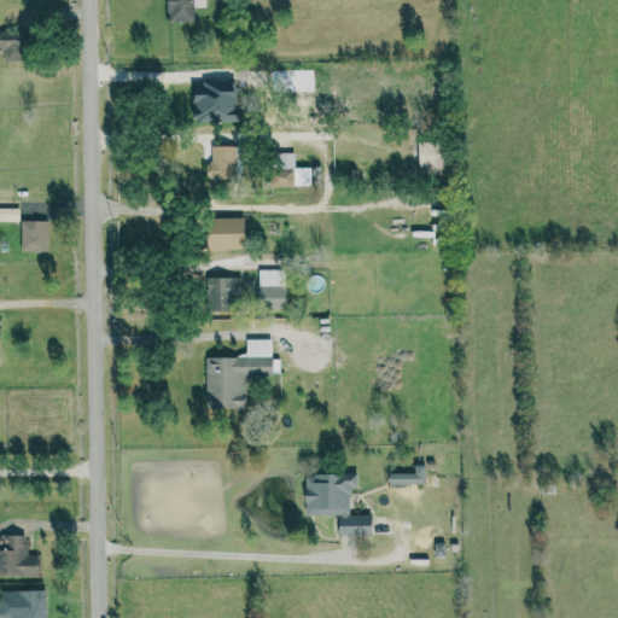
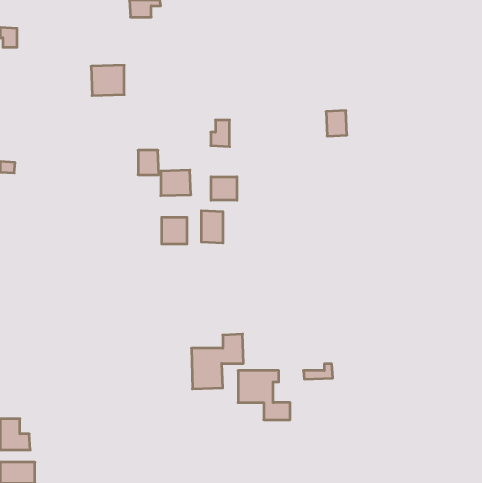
building: [193,83,235,122] -> [91,65,124,96]
building: [210,146,237,177] -> [138,150,159,175]
building: [22,221,49,251] -> none
building: none -> [211,177,237,200]
building: [206,339,273,409] -> [191,334,243,389]

